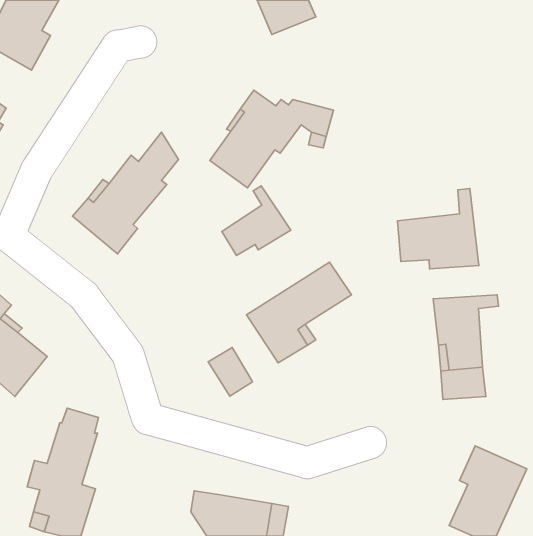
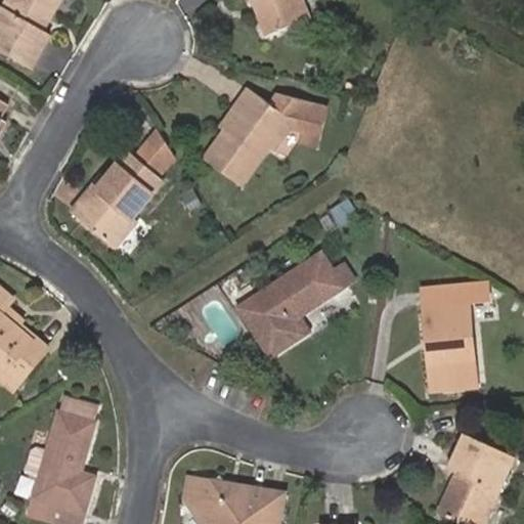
building: [222,186,291,255] -> none
building: [397,189,479,269] -> none
building: [208,348,253,396] -> none

